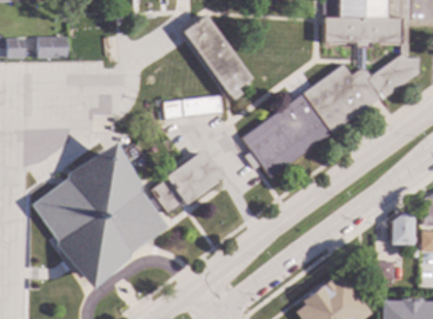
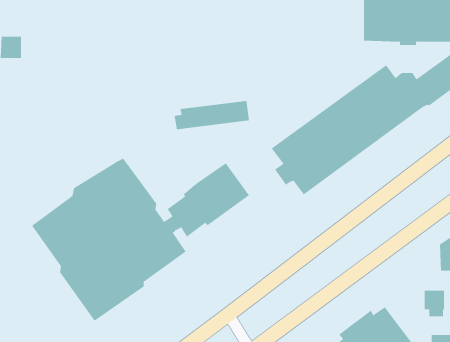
building: [183,14,252,101] -> none
building: [37,37,67,58] -> none

